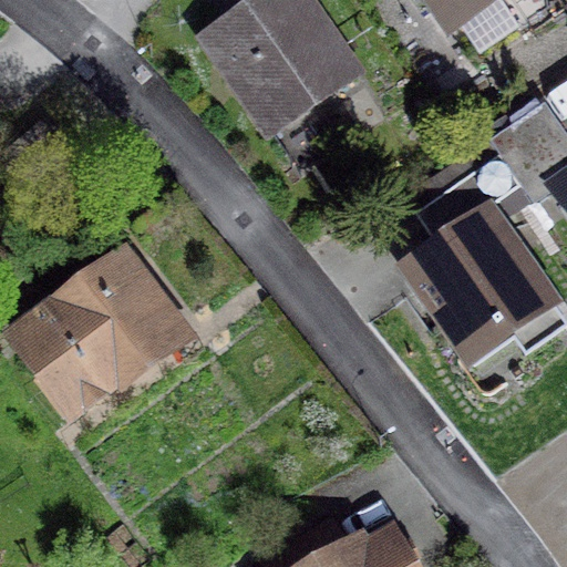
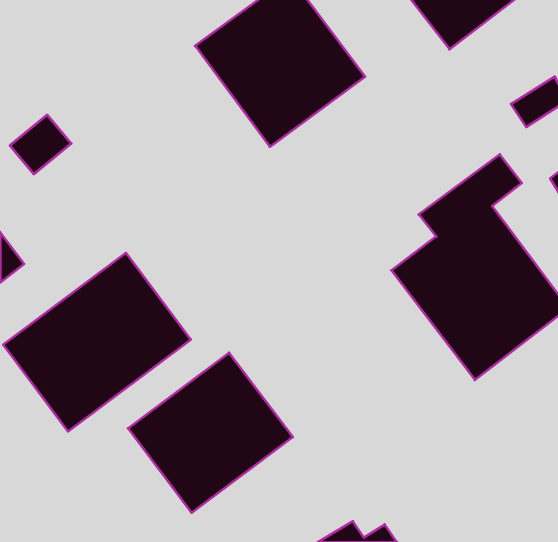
building: none -> [128,353,293,513]

